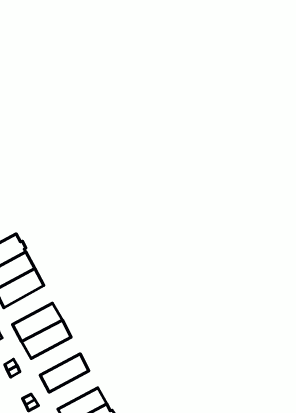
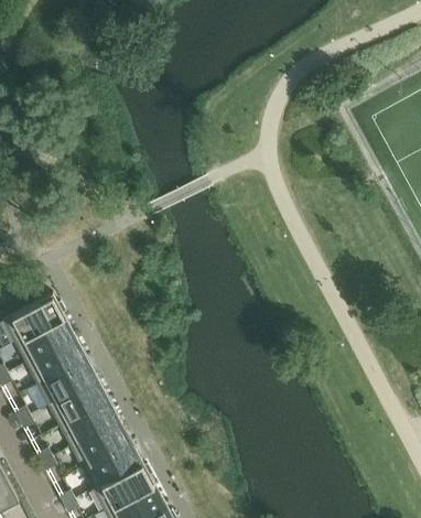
building: none -> [36,358,97,407]
building: none -> [71,422,131,470]
building: none -> [93,464,153,511]

